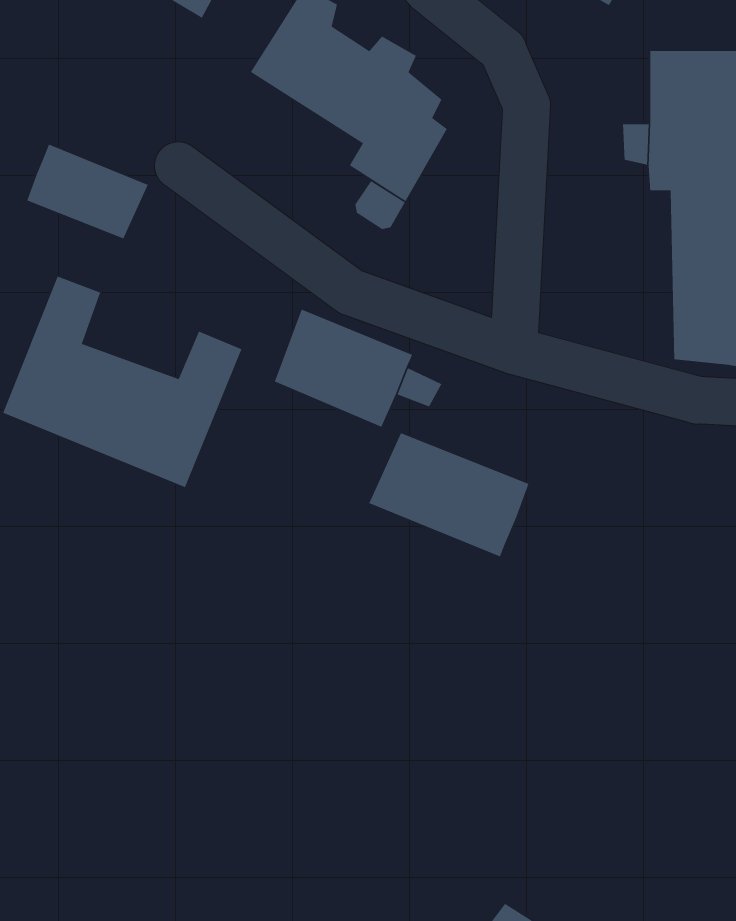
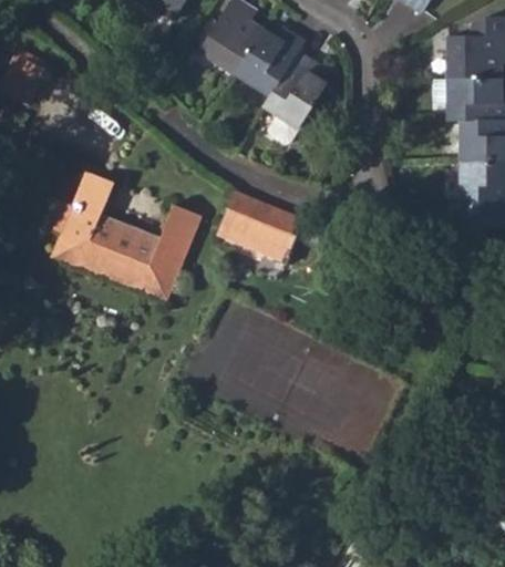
building: [26,143,149,240] -> none
building: [368,432,530,558] -> none

